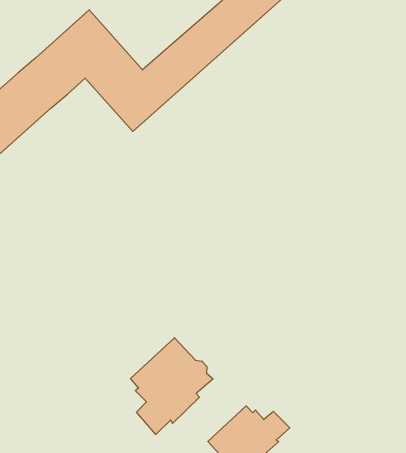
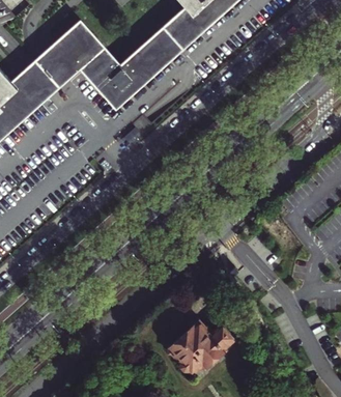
building: [131,338,213,434] -> none

